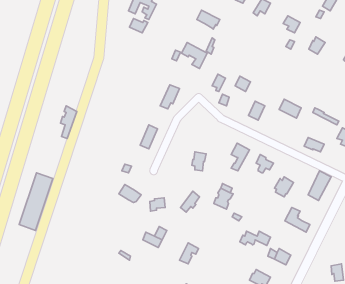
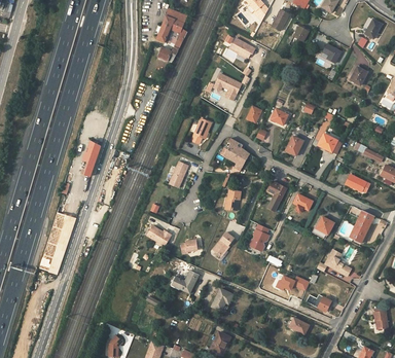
building: none -> [223,139,249,171]

